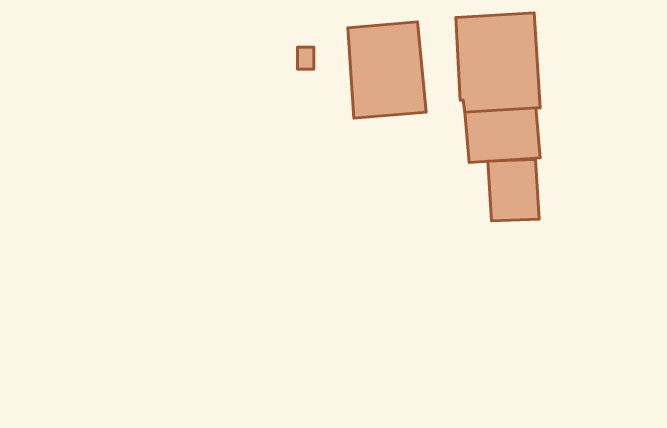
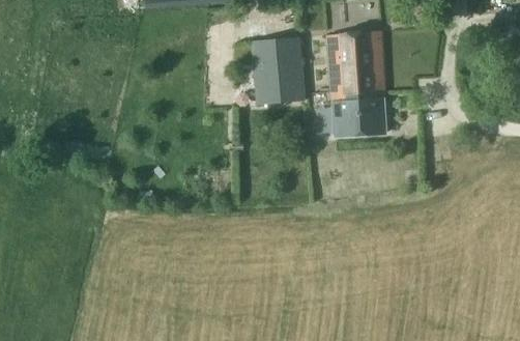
building: [488,159,539,221] -> none

